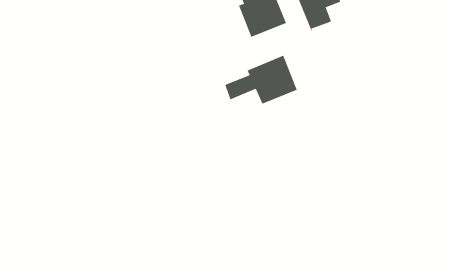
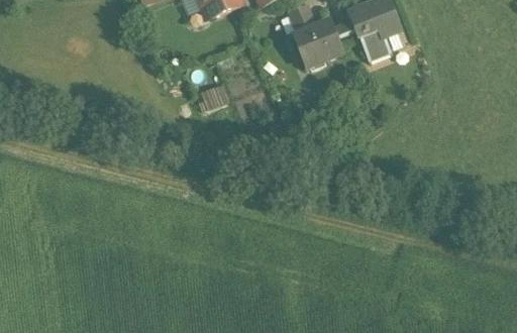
building: [224,55,298,104] -> none

